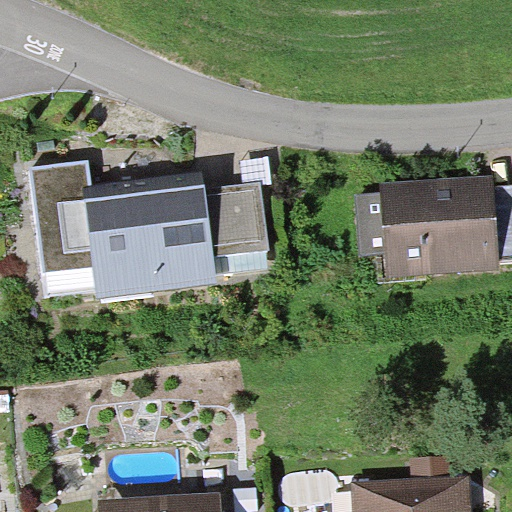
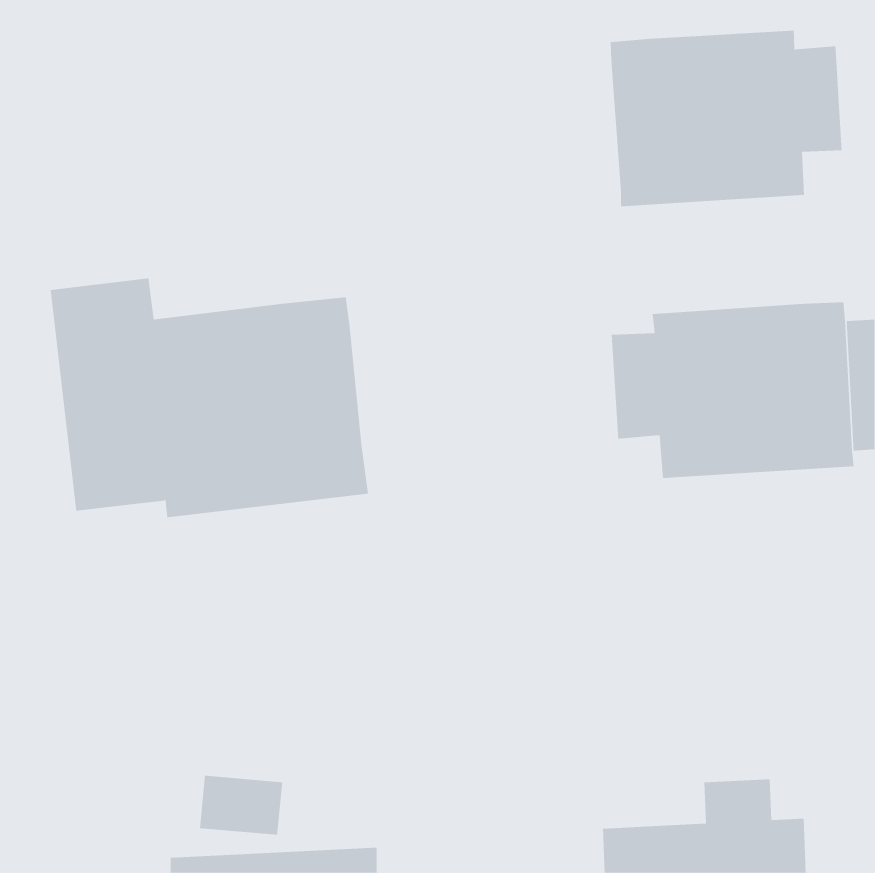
building: none -> [610,30,842,207]
building: [204,183,268,259] -> none

